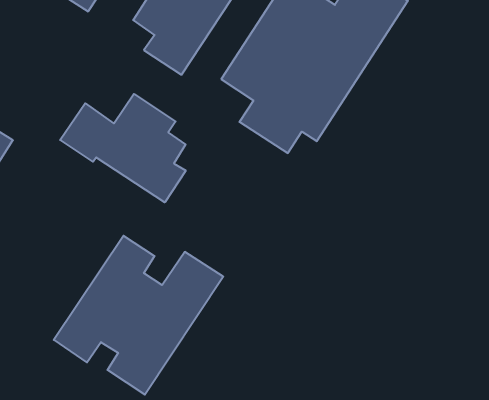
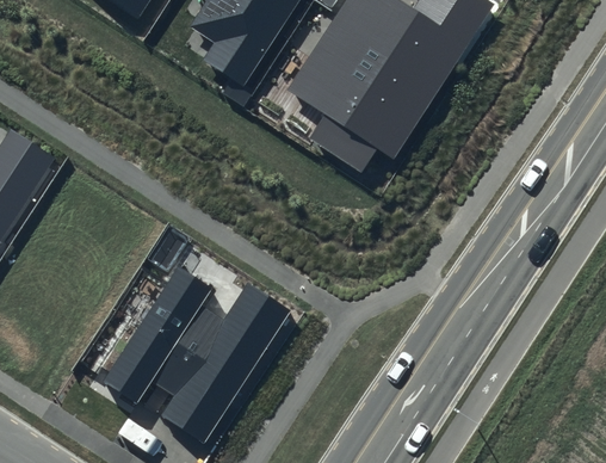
building: [60,94,186,202] -> none

